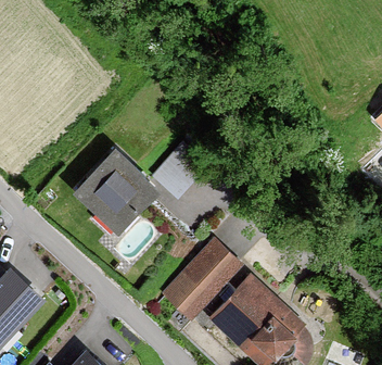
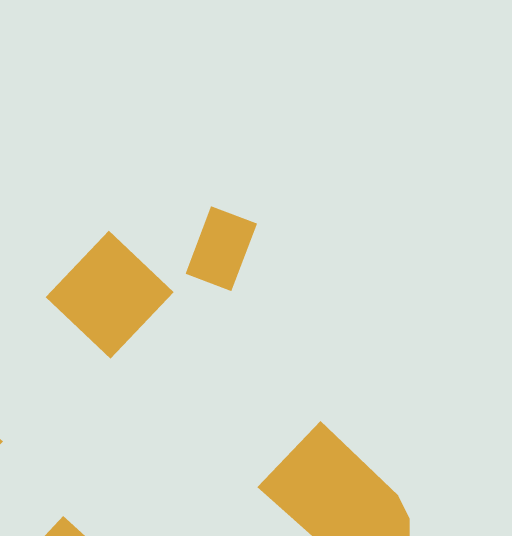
building: [163,244,244,327] -> none

